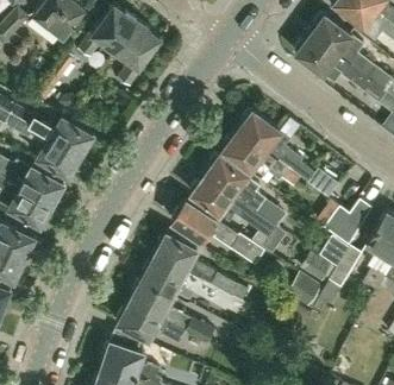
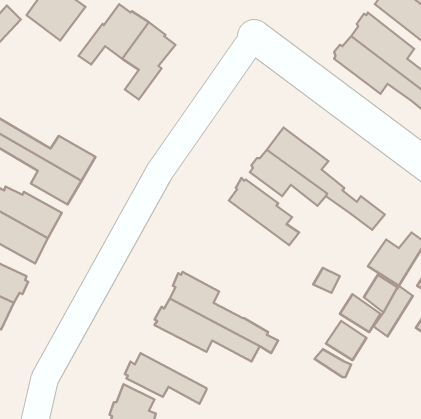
building: [192,172,277,239] -> none
building: [173,201,264,263] -> none
building: [131,278,214,343] -> none

